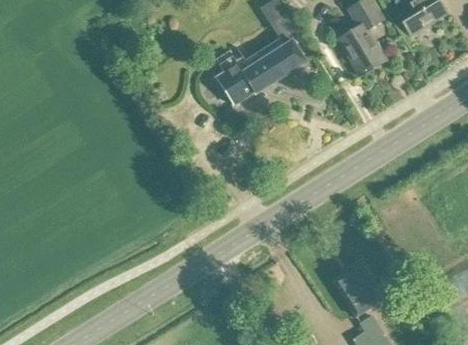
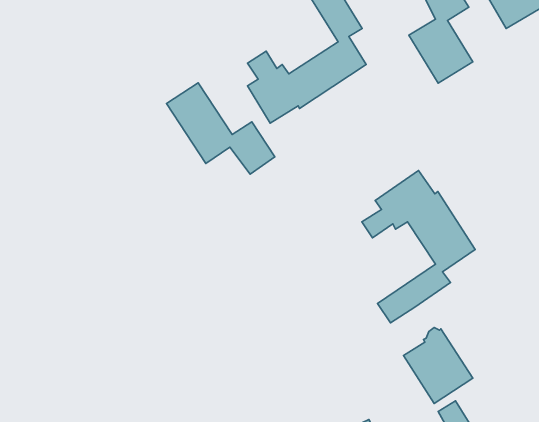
building: none -> [166,83,275,174]
building: none -> [362,171,475,323]

